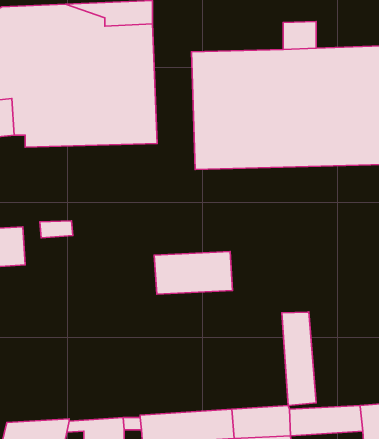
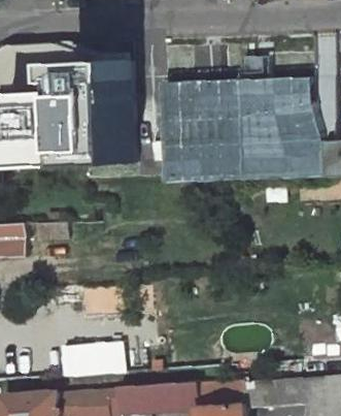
building: [154,252,233,294] -> [57,340,123,376]
building: [282,312,316,405] -> none

